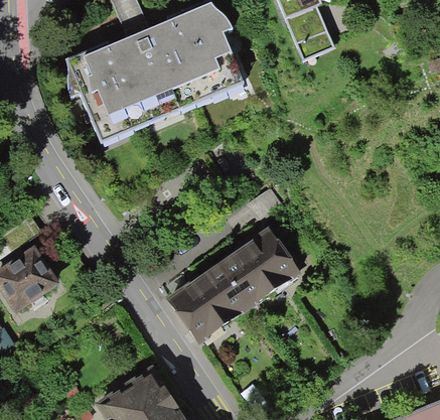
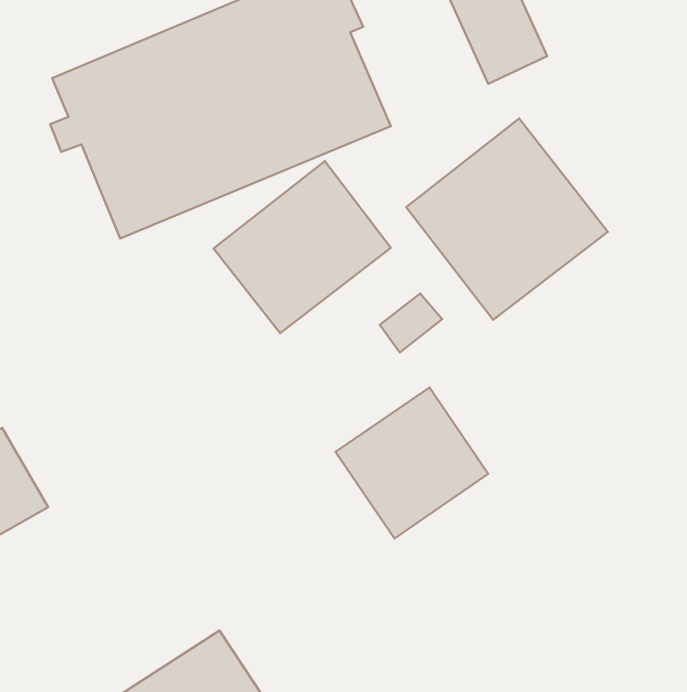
building: none -> [406,118,608,320]
building: none -> [213,161,391,333]
building: [167,263,254,346] -> none

